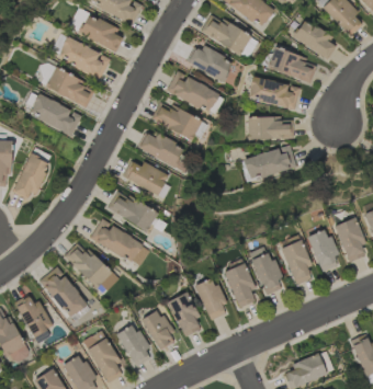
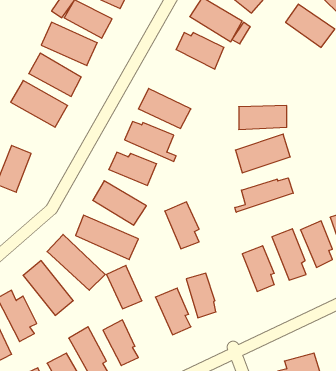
building: [267,47,318,84] -> none
building: [166,73,224,115] -> none
building: [248,77,301,111] -> none
building: none -> [235,178,293,212]
building: [223,263,256,308] -> [165,202,199,249]
building: [142,309,176,351] -> [107,265,142,309]

